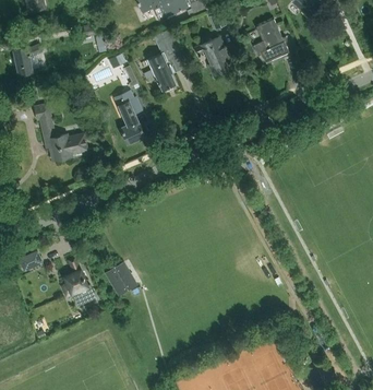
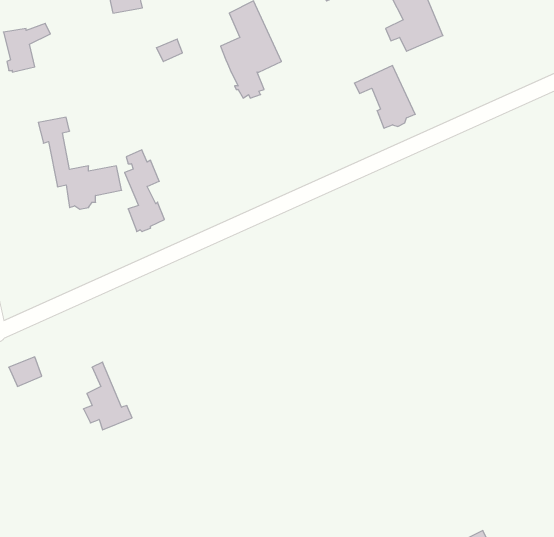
building: [194,36,232,75] -> [354,66,415,128]
building: [119,91,144,142] -> [125,150,164,232]
building: [105,262,136,295] -> none

